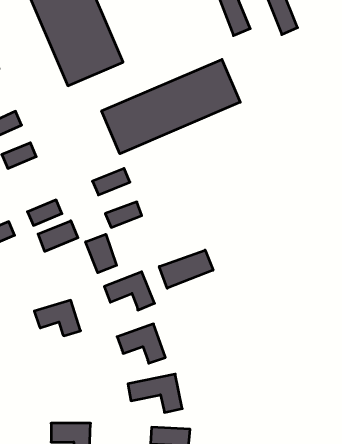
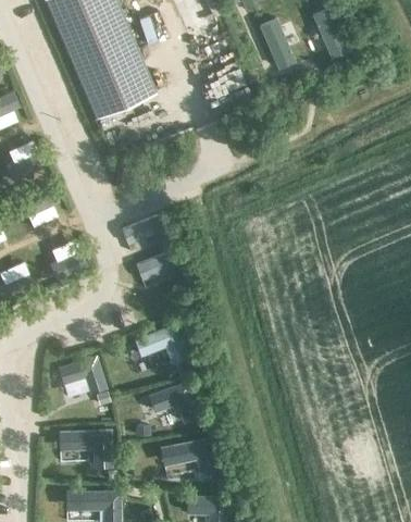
building: [102,59,240,154] -> none
building: [38,221,78,251] -> none
building: [86,234,117,273] -> none
building: [159,250,213,288] -> none
building: none -> [55,433,112,472]

